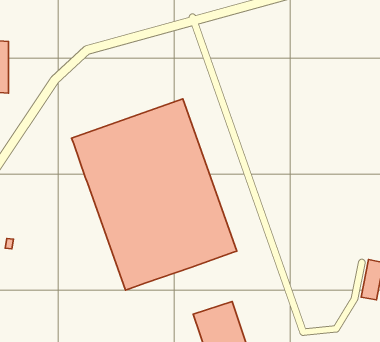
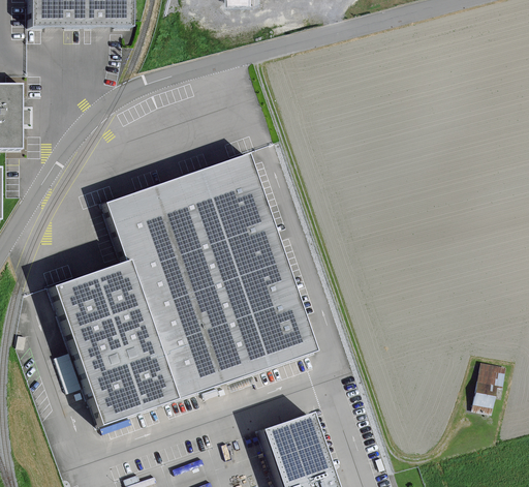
building: none -> [49,262,173,425]

